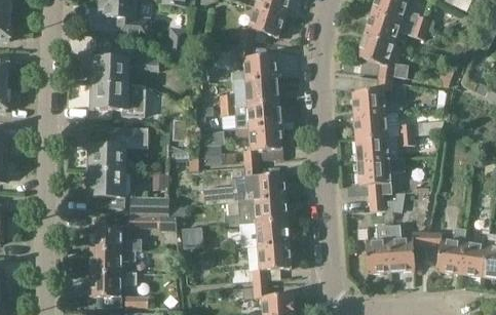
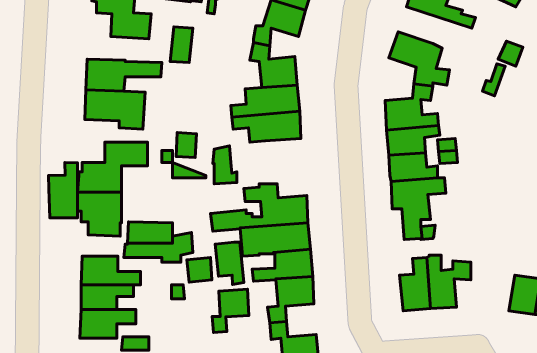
building: [365,10,428,42] -> none
building: [243,124,282,163] -> none
building: none -> [49,163,78,218]
building: none -> [215,242,244,284]
building: [427,228,466,273] -> none
building: none -> [212,289,249,332]

